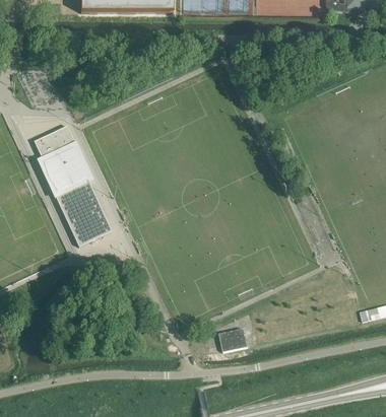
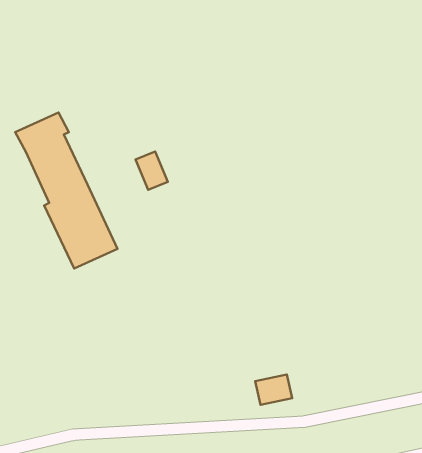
building: none -> [135,152,168,190]

